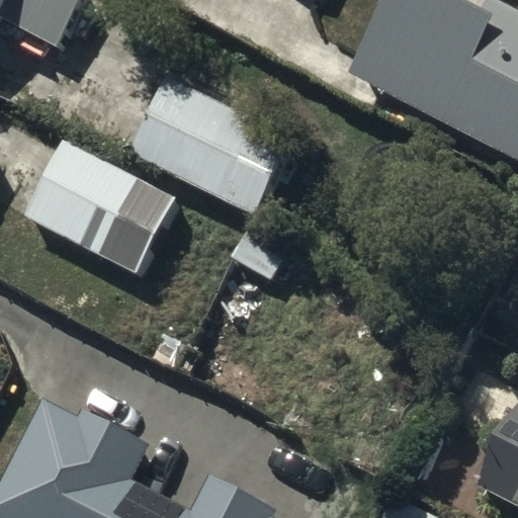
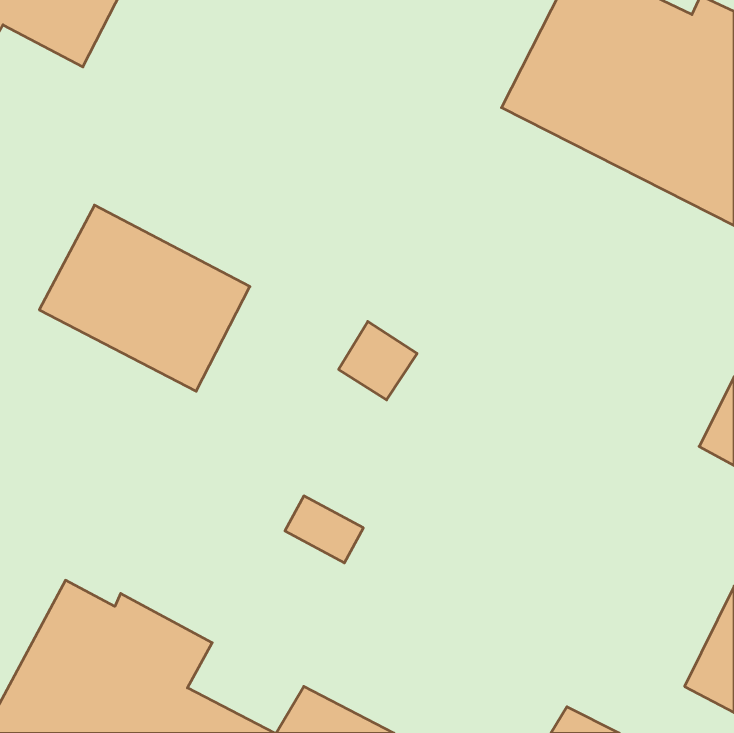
building: [131,80,290,214] -> none

